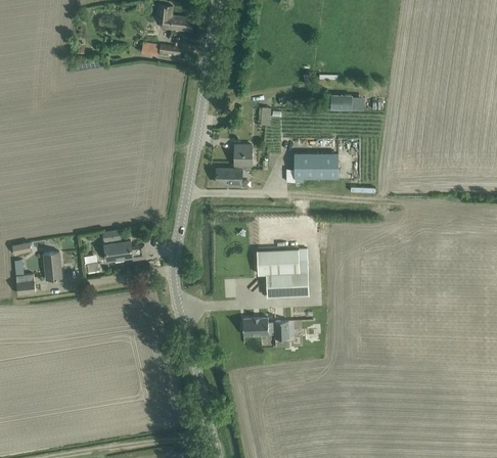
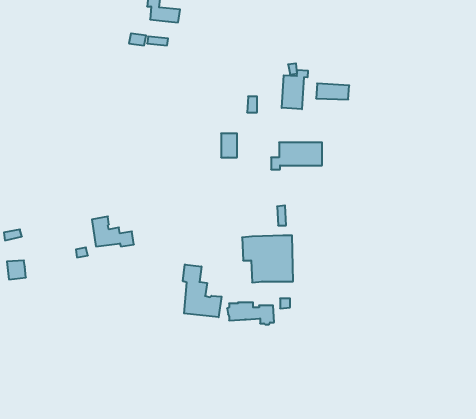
building: none -> [282,70,308,109]
building: [216,169,241,186] -> none
building: [43,251,61,280] -> none
building: none -> [183,264,222,317]

